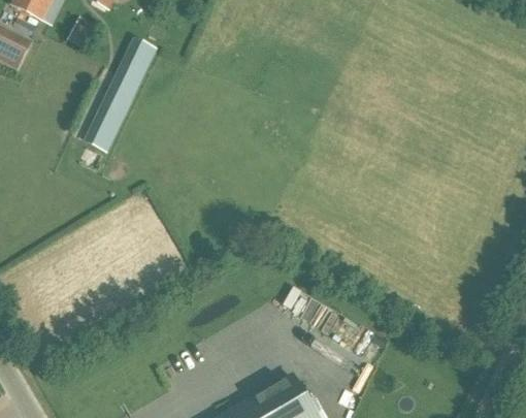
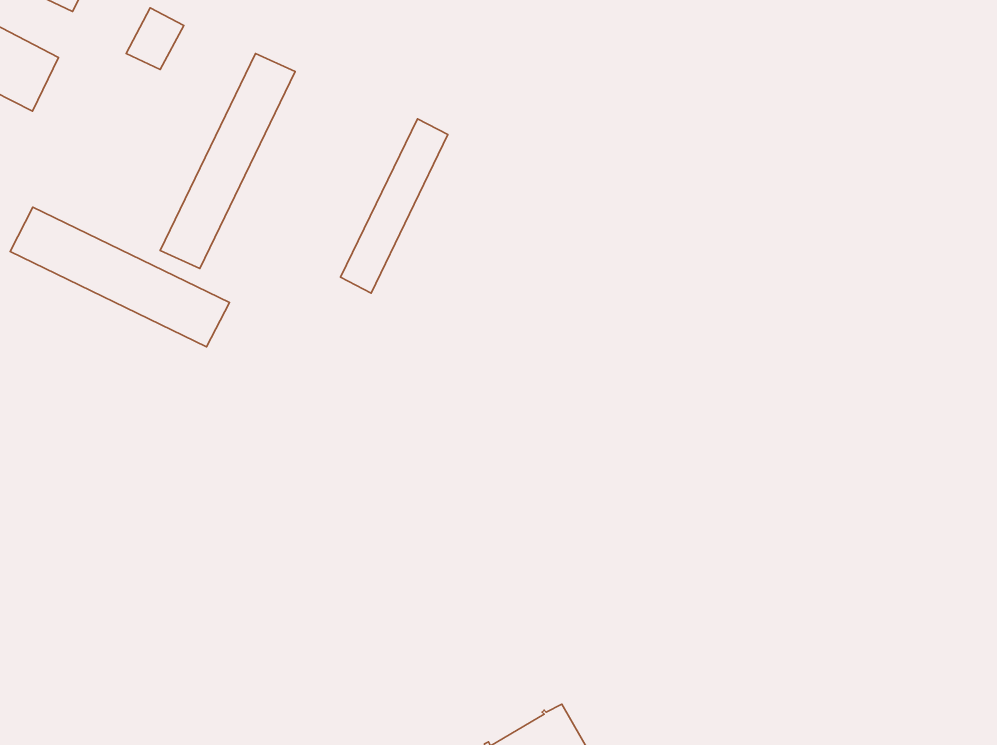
building: none -> [340,119,448,293]
building: none -> [10,207,229,347]

